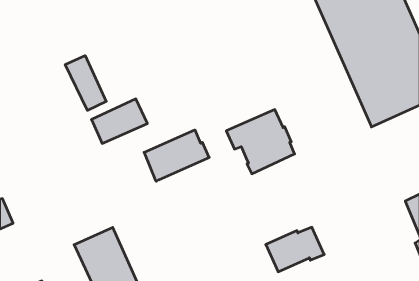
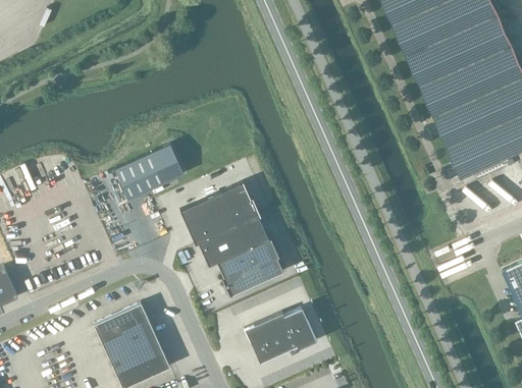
building: [65,56,106,110] -> none
building: [226,110,295,174] -> [198,218,282,297]
building: [266,227,324,272] -> [244,309,316,364]

